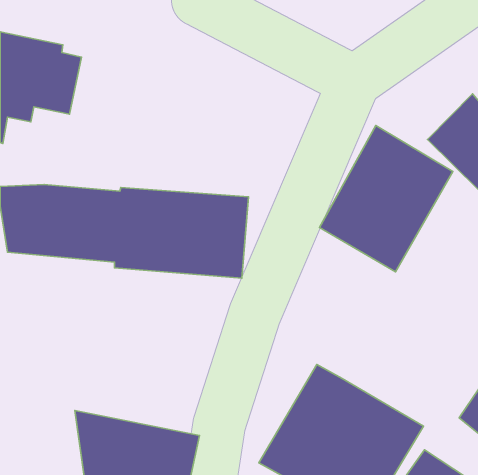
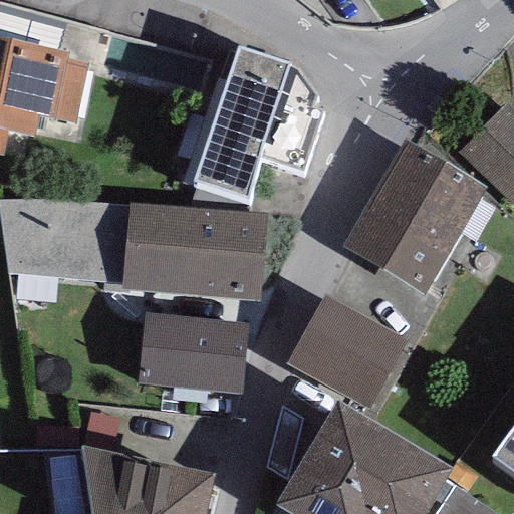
building: none -> [194,44,325,196]
building: none -> [286,293,408,410]
building: none -> [139,316,247,394]

